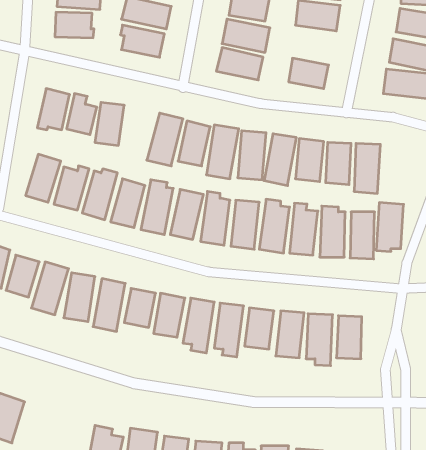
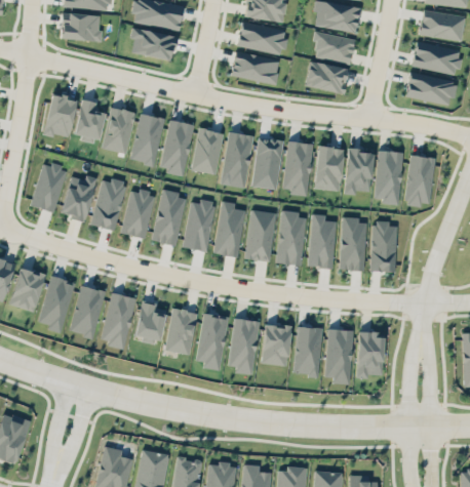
building: none -> [313,31,355,64]
building: none -> [130,113,166,165]
building: [376,203,404,251] -> [406,155,435,206]

